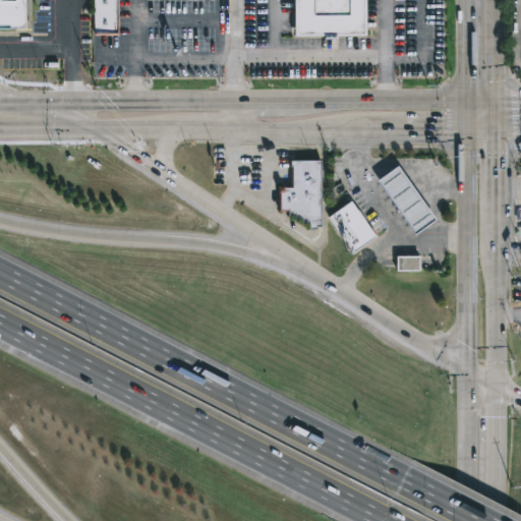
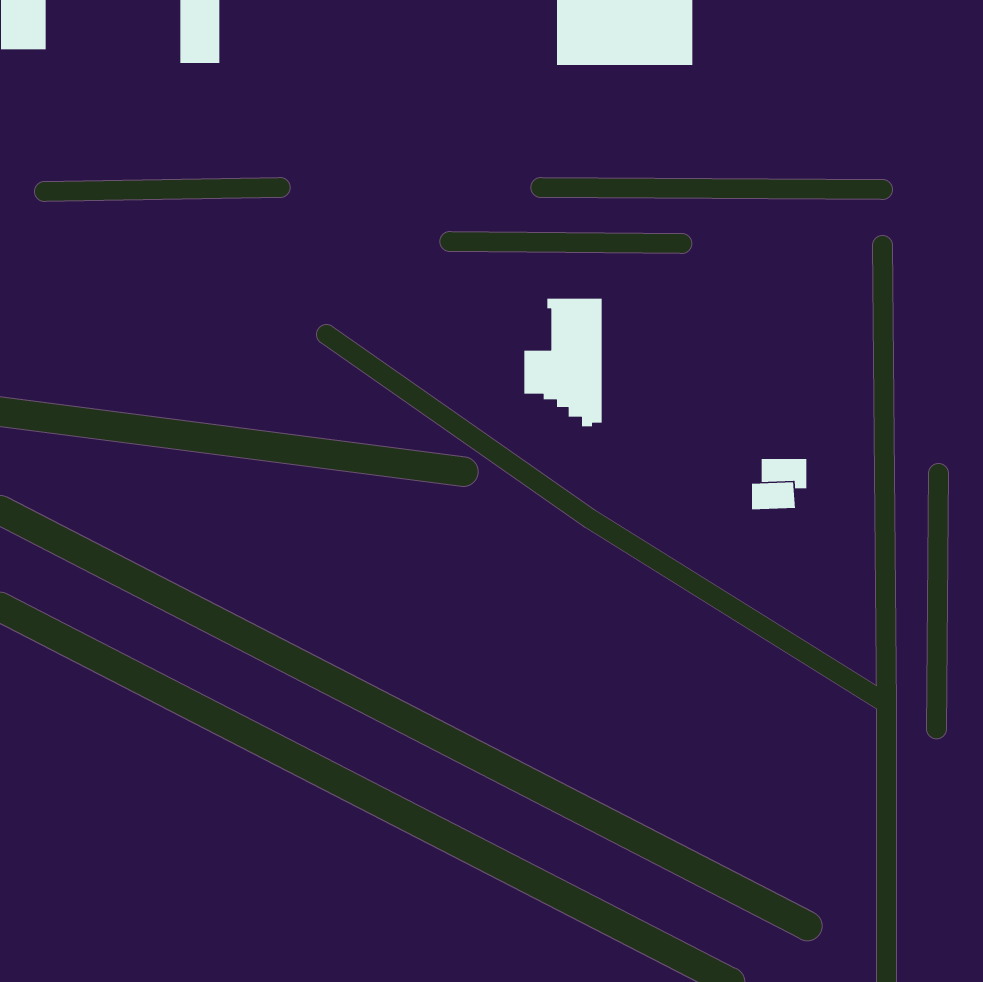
building: [378,162,436,229] -> none
building: [330,202,375,252] -> none

